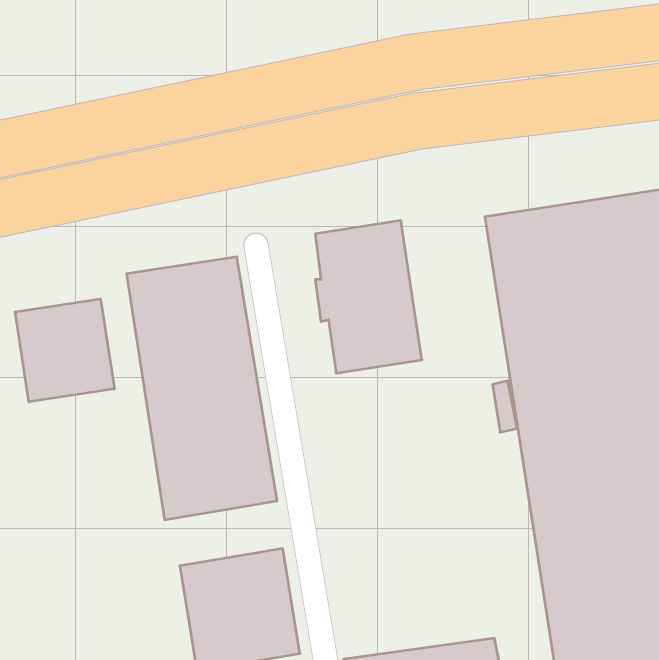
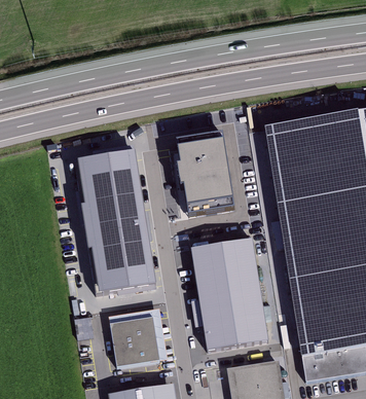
building: [15,299,114,402] -> none
building: none -> [190,235,268,346]

